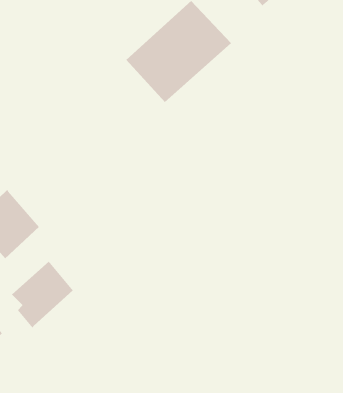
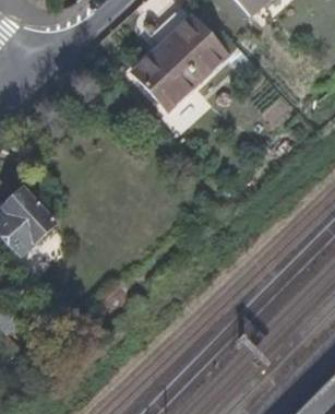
building: [11,261,74,329] -> none

